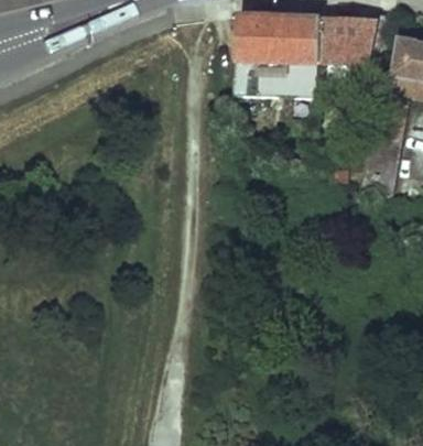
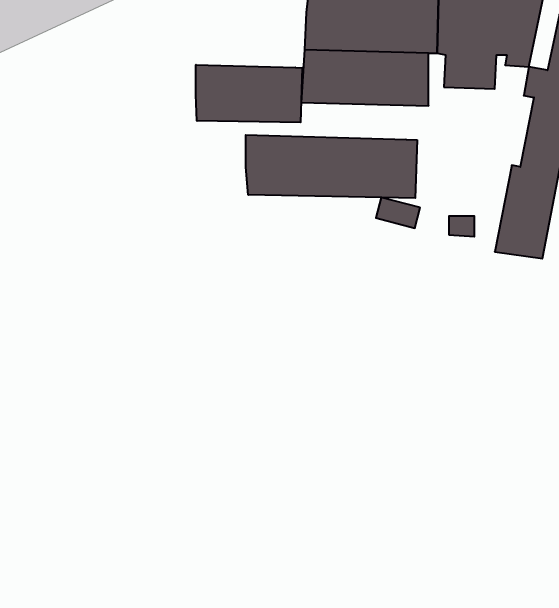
building: none -> [196,65,302,122]
building: none -> [246,135,417,198]

